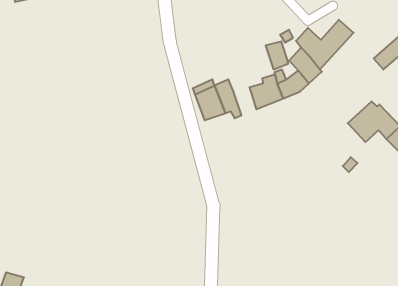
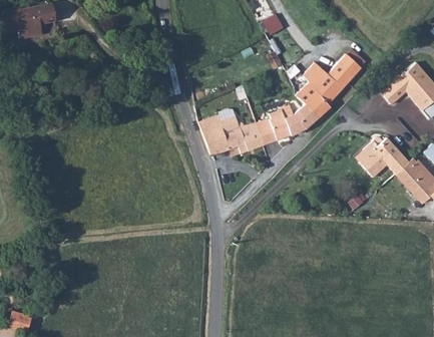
building: [266,41,288,69] -> [241,122,264,150]

